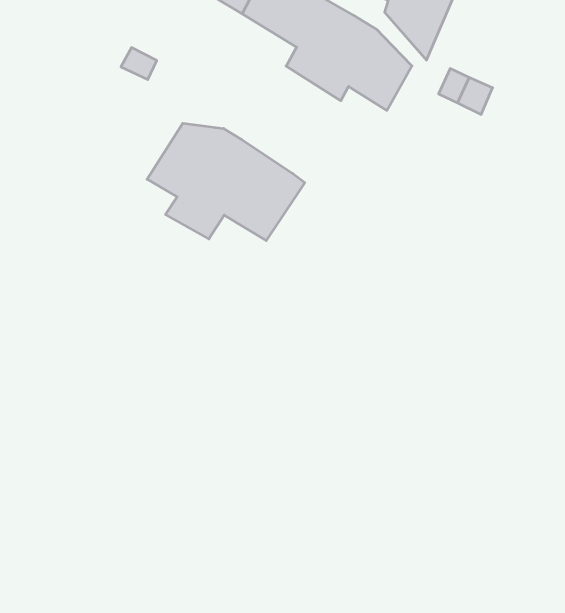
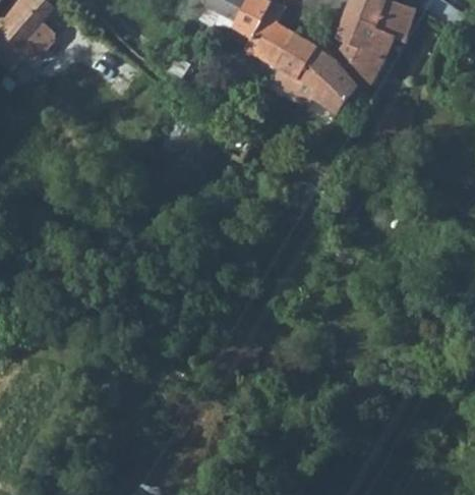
building: [147,123,305,241] -> none

